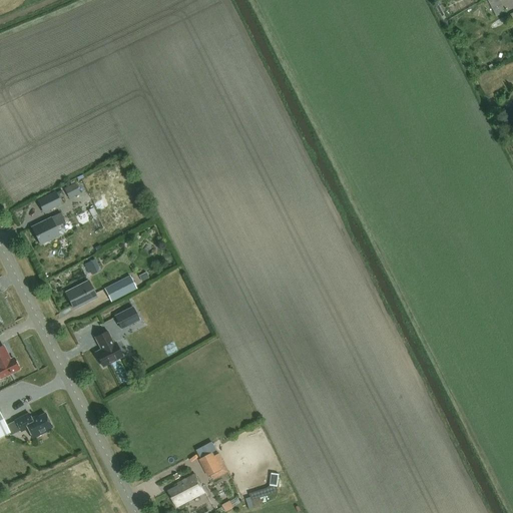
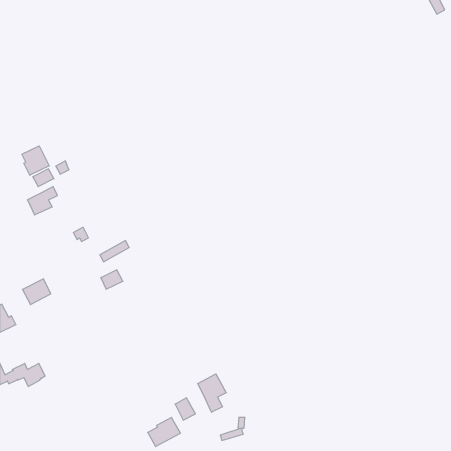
building: none -> [22,146,49,175]
building: [64,280,96,309] -> [22,279,51,305]
building: [94,331,122,366] -> none
building: none -> [198,374,226,412]

